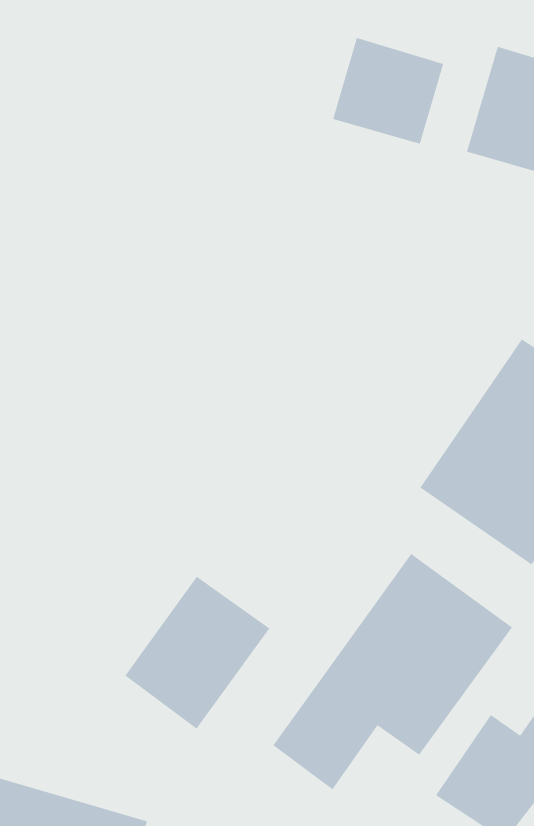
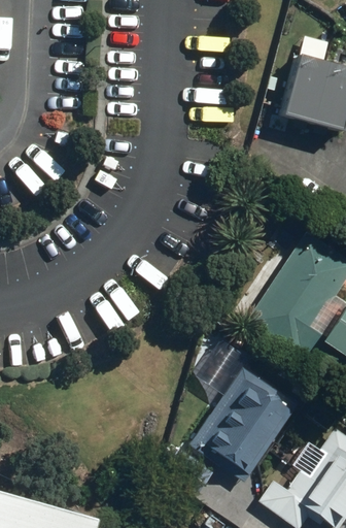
building: [332,37,444,145] -> none
building: [124,576,270,729] -> none

